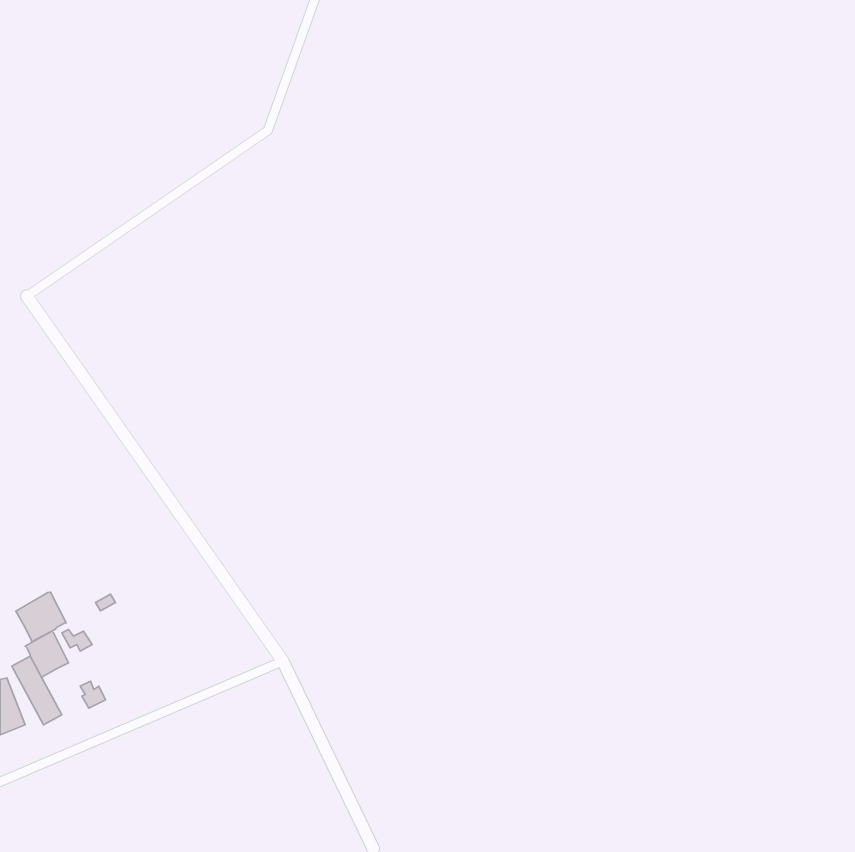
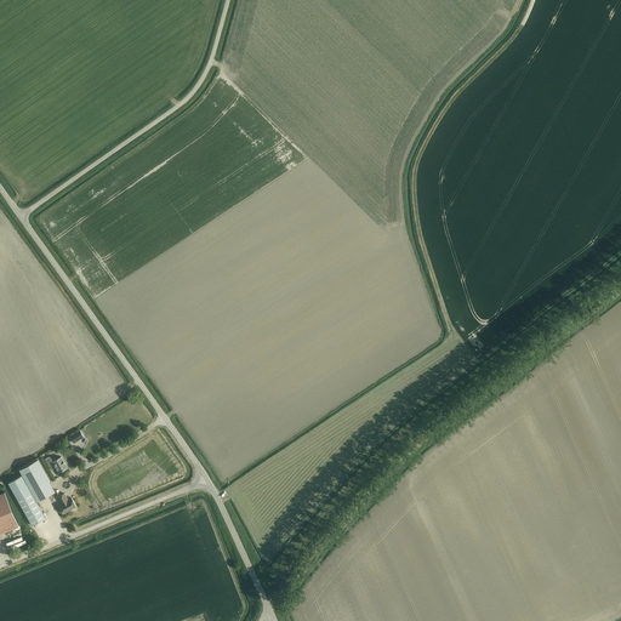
building: [16,592,66,642] -> none

